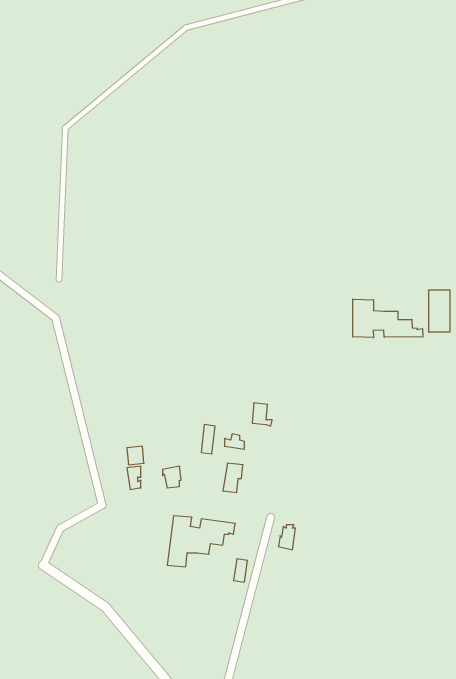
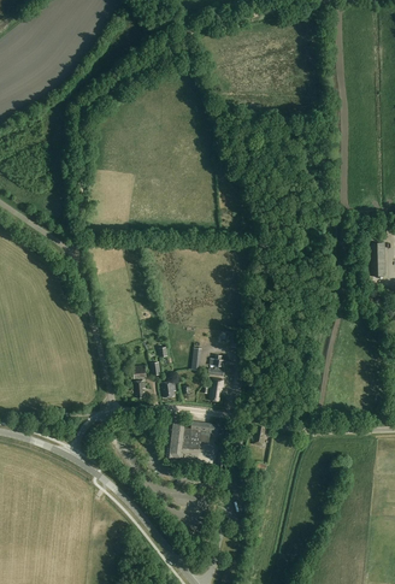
building: [353,299,423,338] -> none

